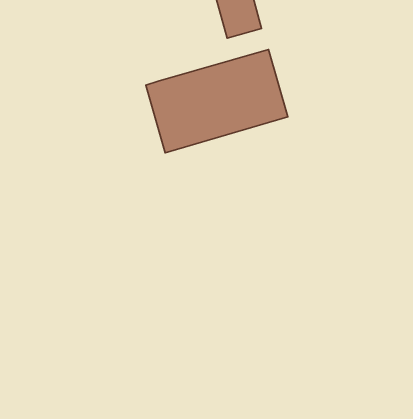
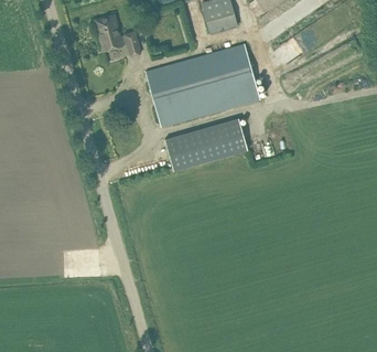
building: none -> [97,15,140,56]
building: none -> [164,118,248,171]

